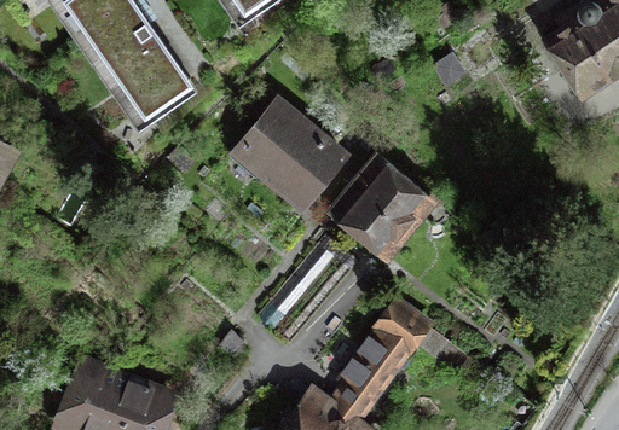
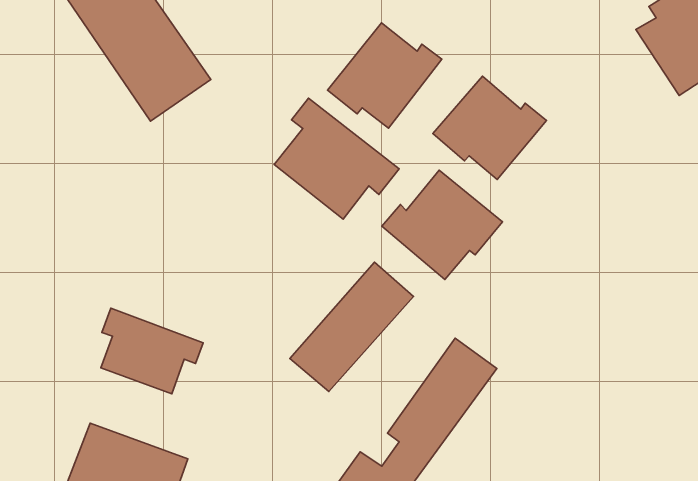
building: none -> [328,23,442,128]
building: none -> [433,76,547,179]
building: none -> [101,308,203,394]

